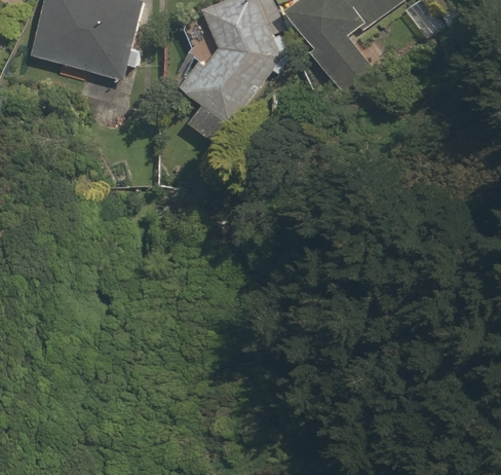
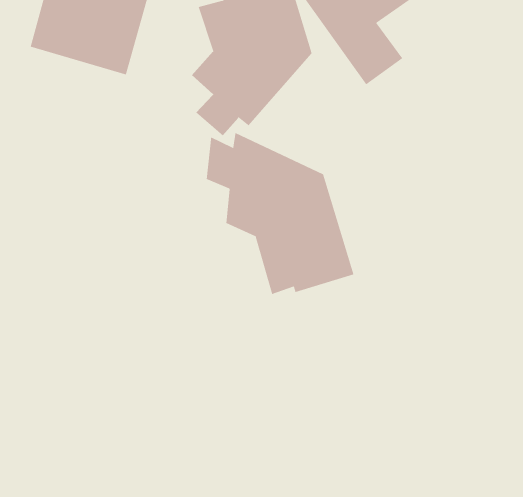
building: none -> [206,132,354,295]

